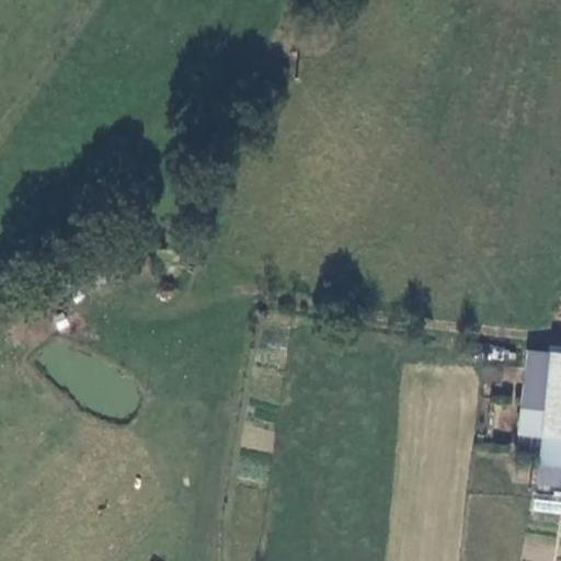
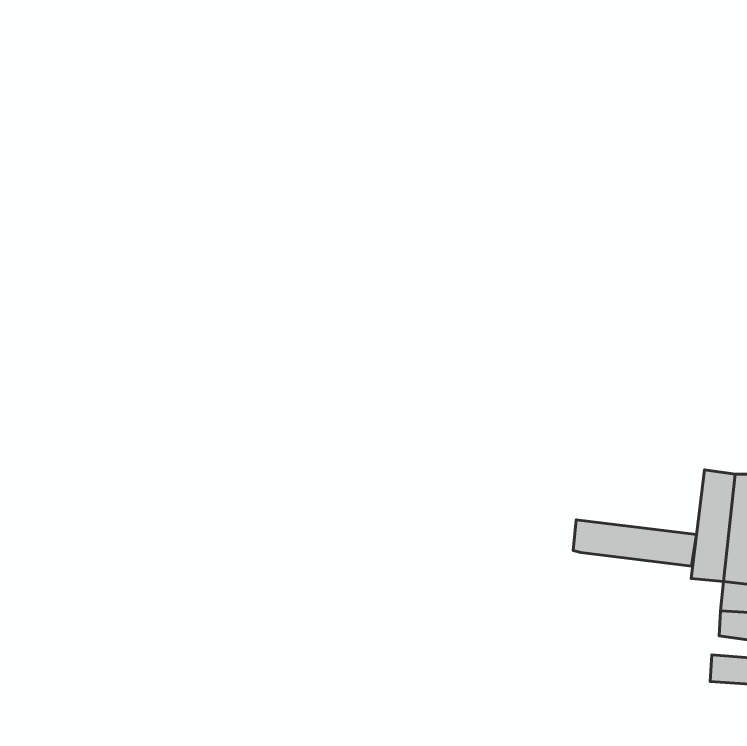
building: none -> [573,520,697,566]

